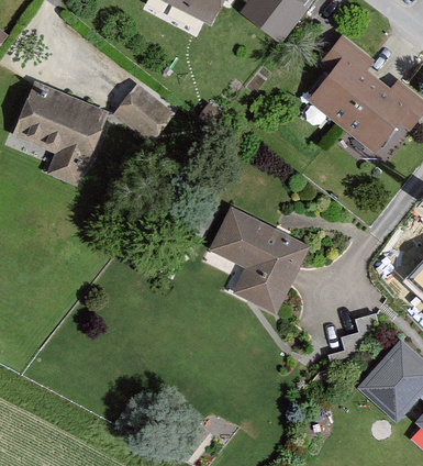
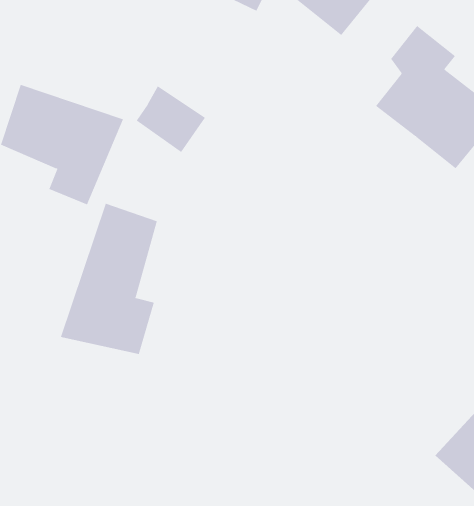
building: none -> [60,203,158,355]
building: [211,209,308,311] -> none

